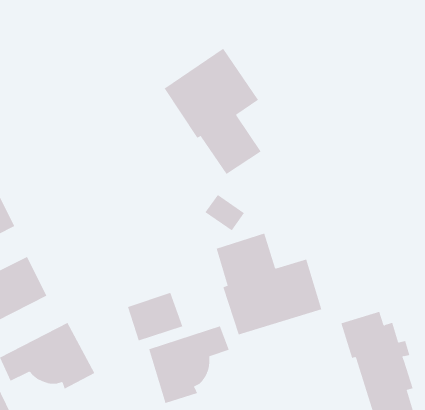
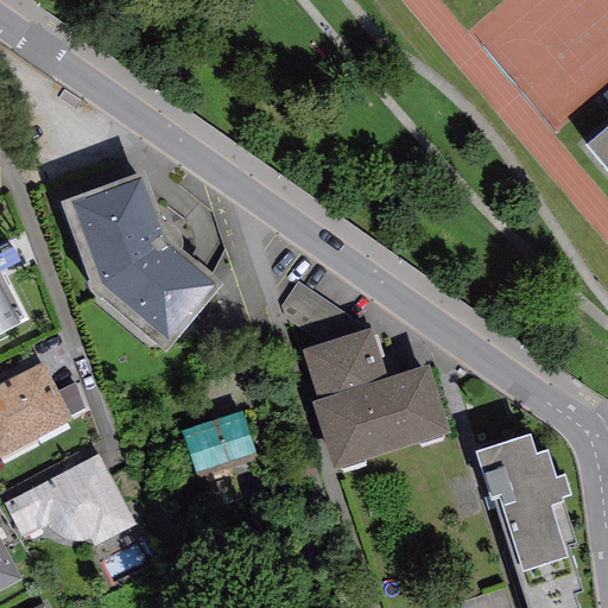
building: [164,48,261,175] -> none
building: none -> [59,172,221,354]
building: [149,325,229,404] -> none

